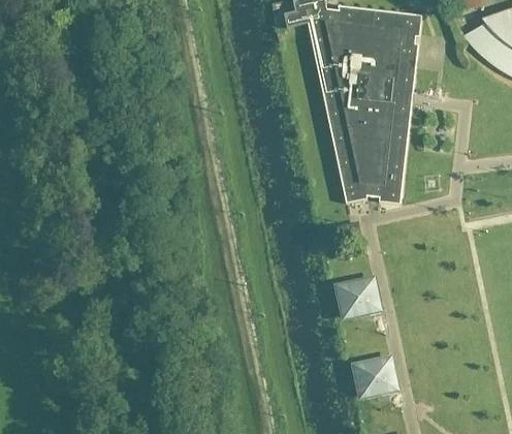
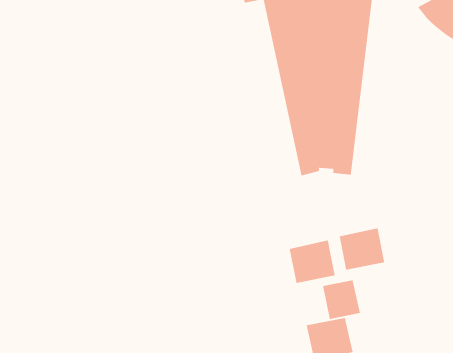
building: none -> [339,227,385,270]
building: none -> [323,280,360,320]

